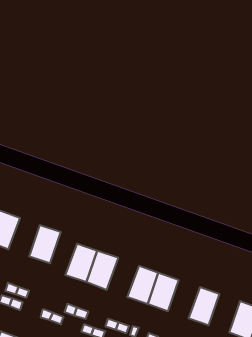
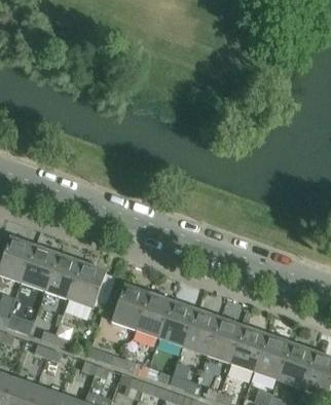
building: none -> [45,254,81,298]
building: none -> [159,300,196,345]
building: none -> [230,326,267,370]
building: none -> [278,342,314,386]

